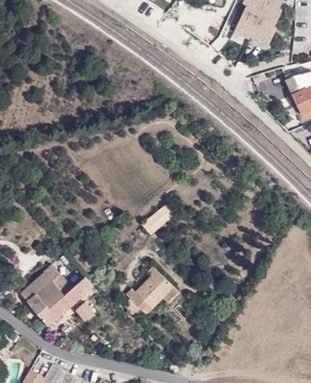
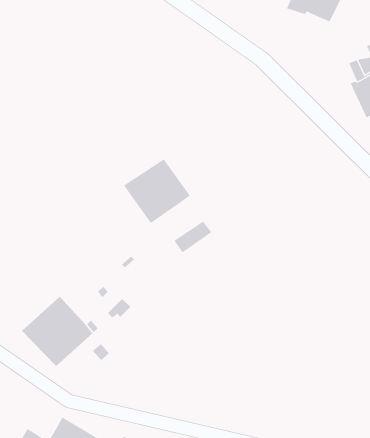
building: none -> [123,158,190,224]
building: [125,269,172,315] -> none

